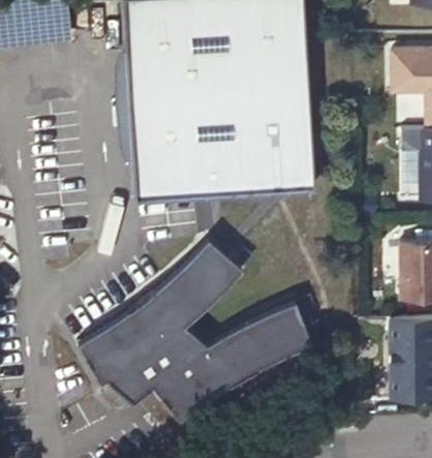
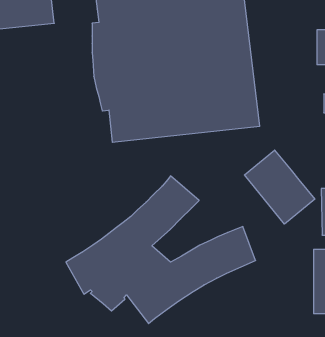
building: none -> [244,150,315,224]

